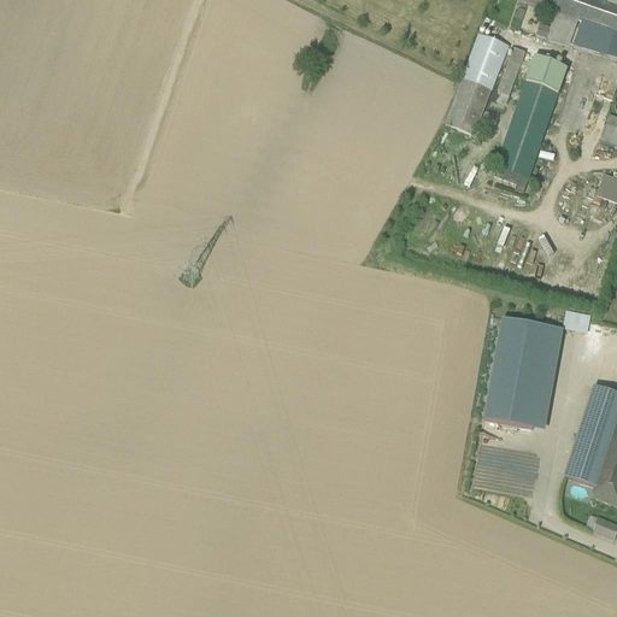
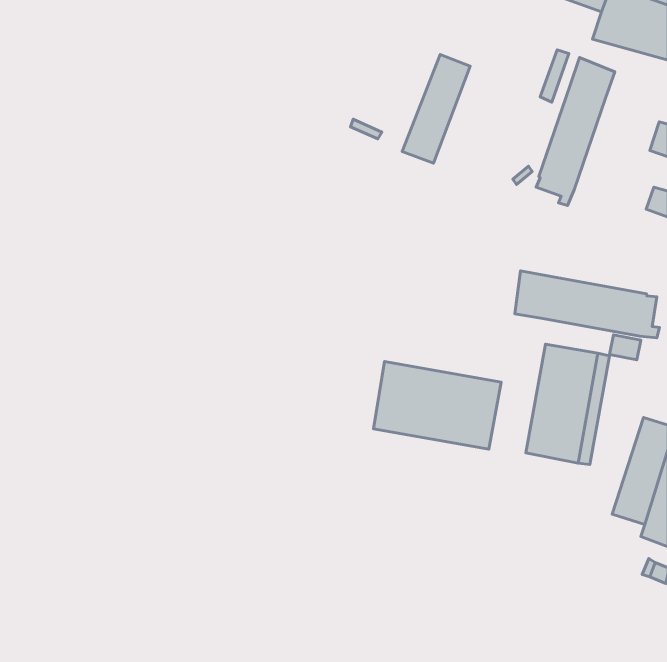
building: [446,33,509,133] -> [402,55,470,163]
building: none -> [515,271,659,338]
building: none -> [374,361,501,449]

